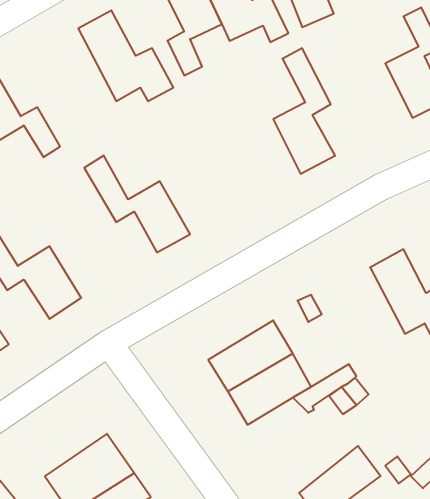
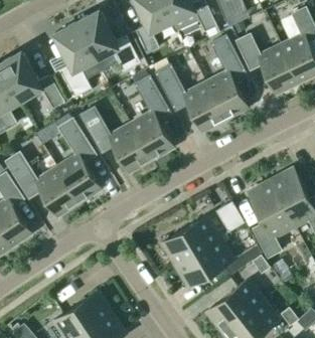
building: none -> [54,22,102,97]
building: none -> [237,34,299,93]
building: none -> [156,64,224,130]
building: none -> [131,75,173,159]
building: none -> [57,119,100,201]
building: none -> [249,181,294,256]
building: none -> [207,280,263,331]

